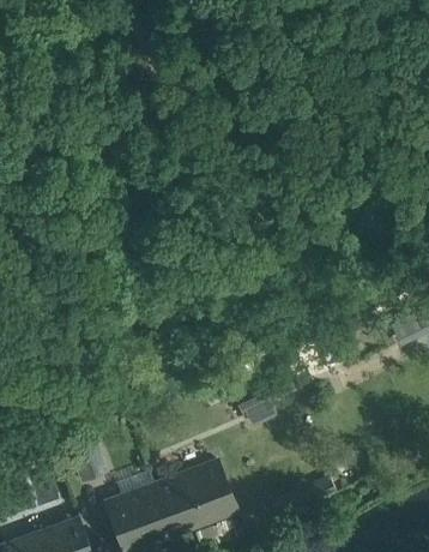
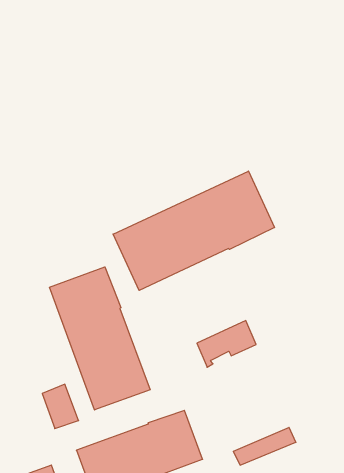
building: none -> [113,171,274,290]
building: none -> [49,267,150,410]

